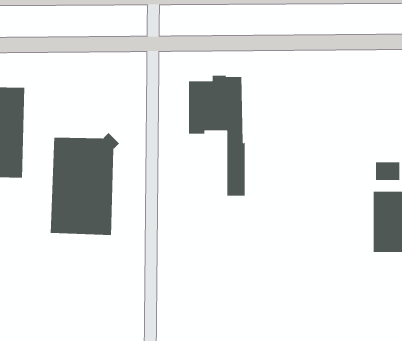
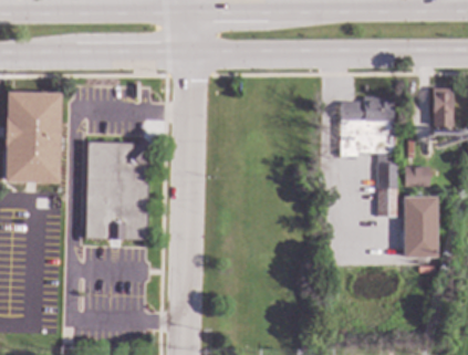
building: [188,75,246,196] -> [341,97,397,217]

